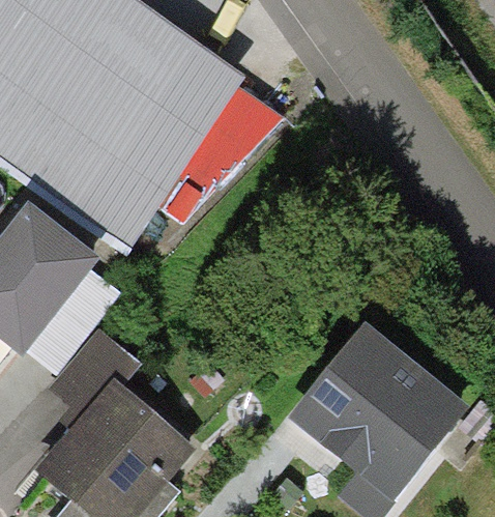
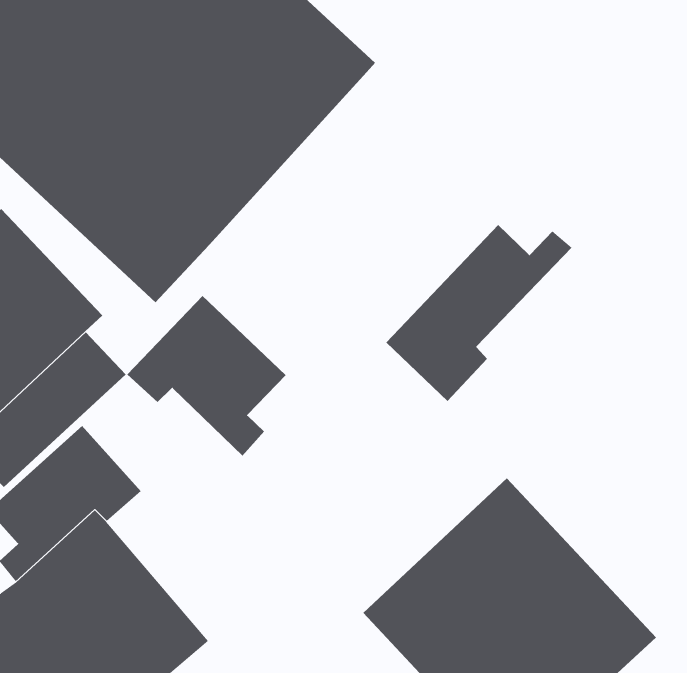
building: [159,86,282,220] -> none
building: none -> [385,224,573,402]
building: none -> [127,295,286,457]

